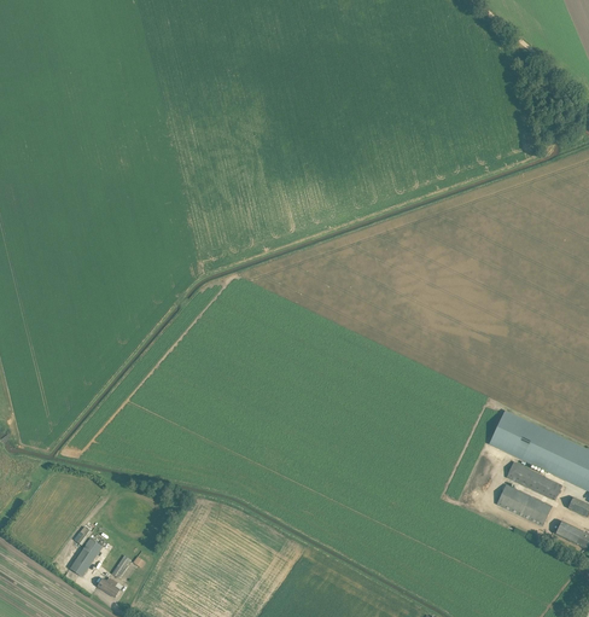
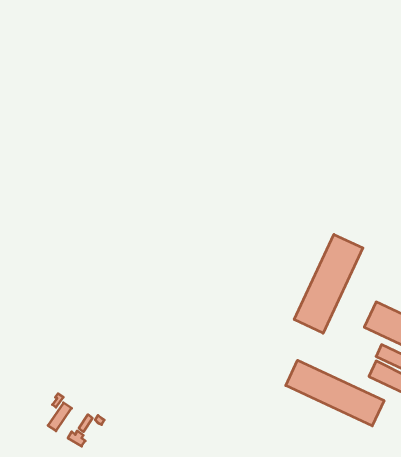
building: none -> [294,234,363,333]
building: none -> [286,360,384,426]

